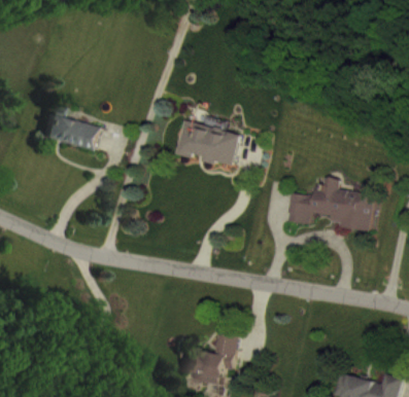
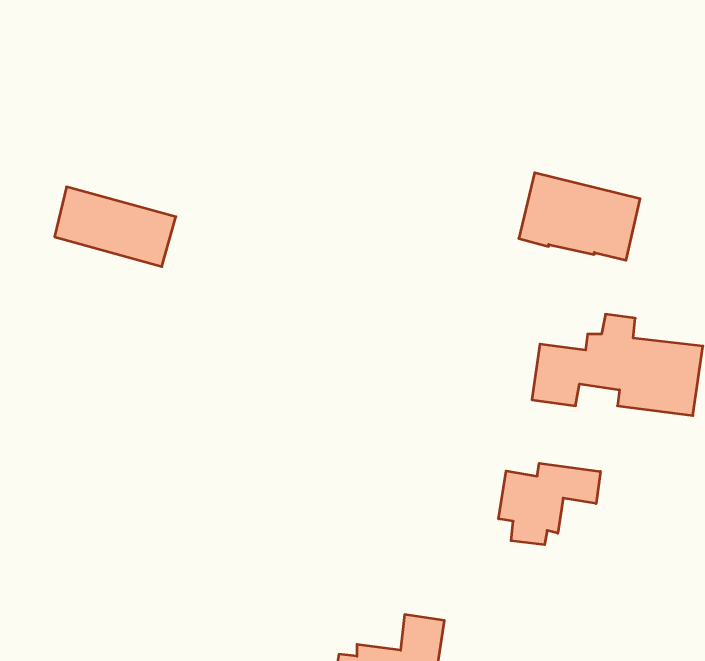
building: [175,120,238,166] -> [519,173,640,260]
building: none -> [499,463,600,545]

